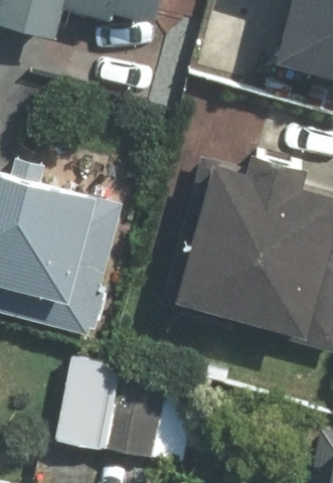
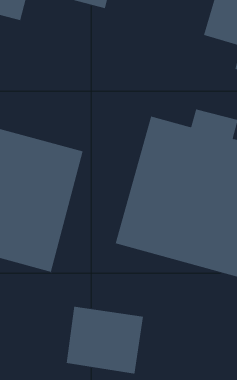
building: [34,350,120,449] -> none

